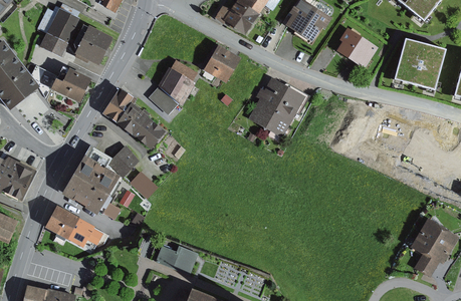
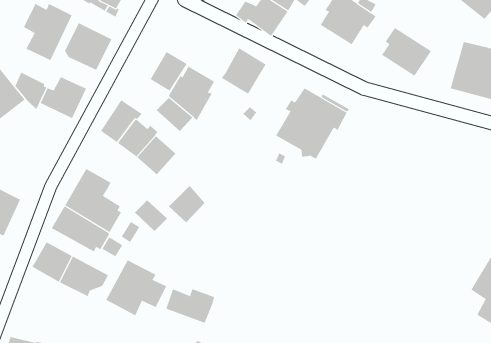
building: none -> [150,51,187,92]
building: [107,144,139,177] -> [168,185,205,223]
building: none -> [105,259,167,316]

